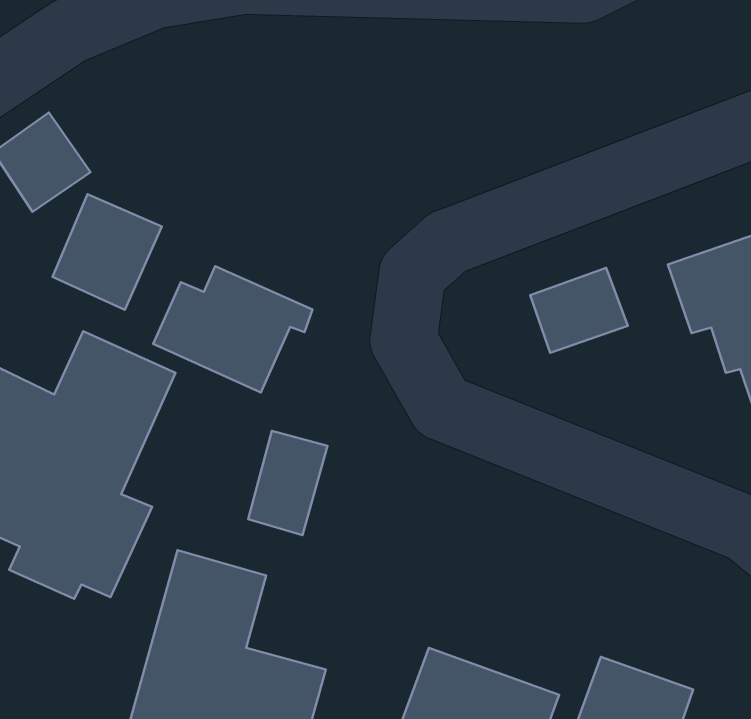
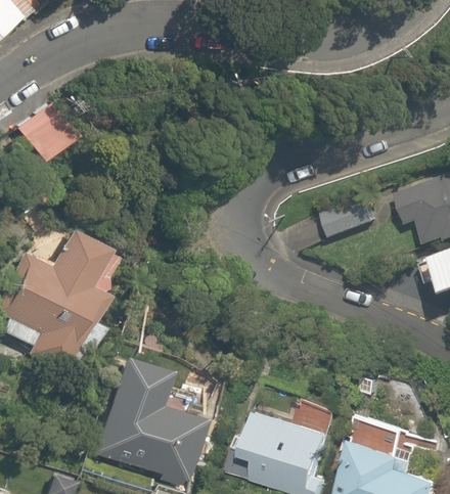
building: [53,194,162,310] -> none
building: [153,266,313,393] -> none
building: [248,431,328,535] -> none

